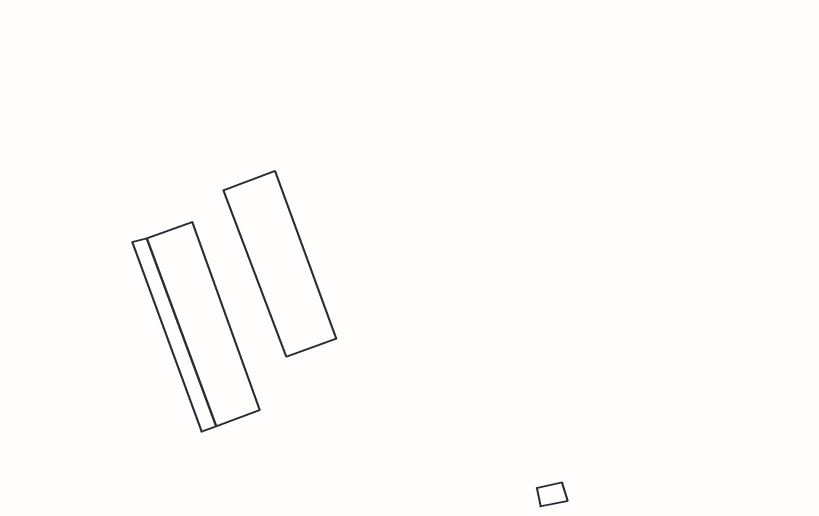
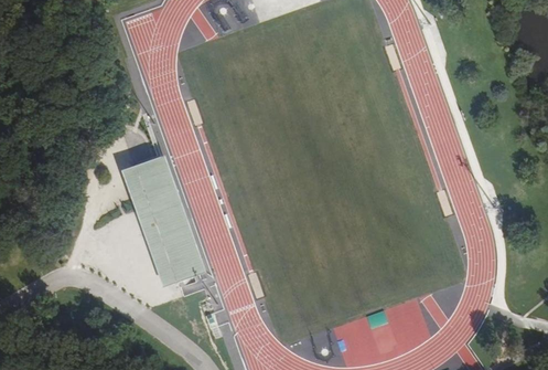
building: [224,171,336,357] -> none

